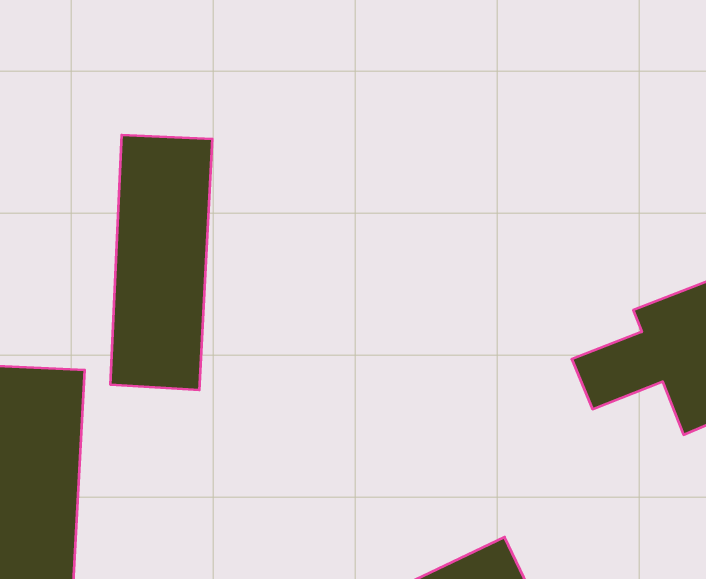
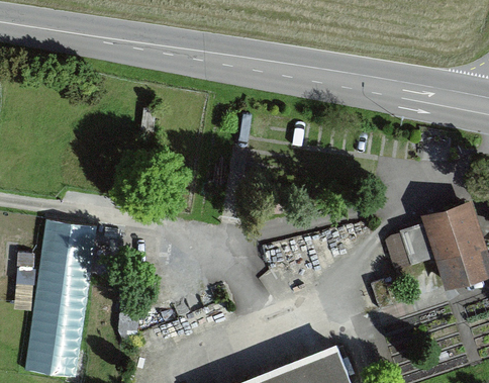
building: [111,135,212,390] -> none

